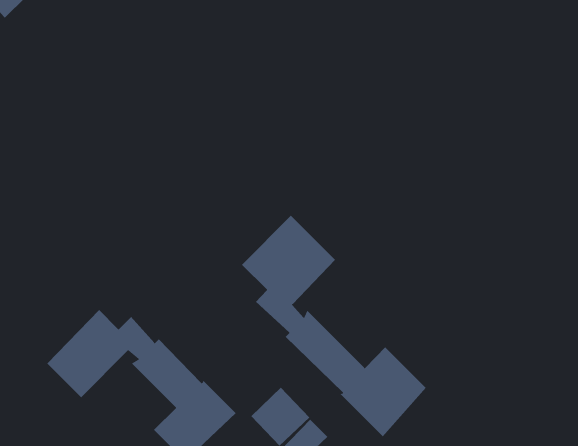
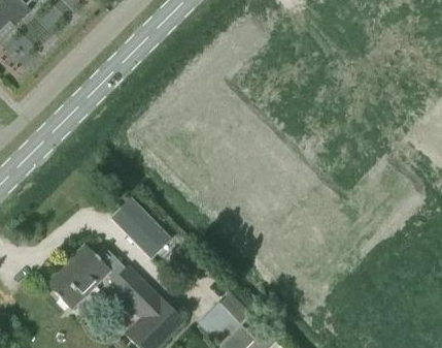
building: [241,215,426,437] -> none
building: none -> [111,197,170,256]

